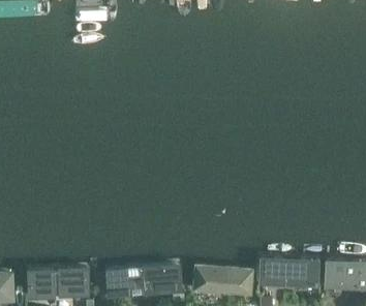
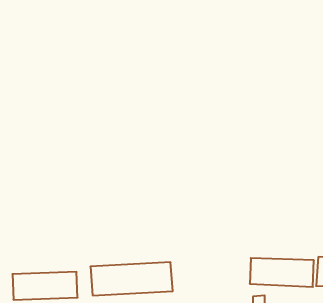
building: [192,264,254,296] -> none

